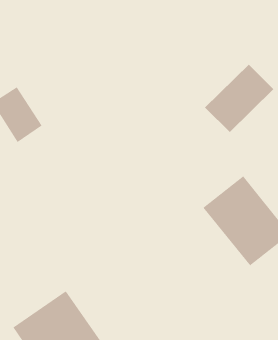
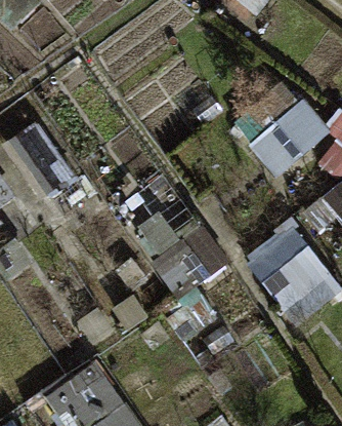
building: none -> [142,211,227,295]

